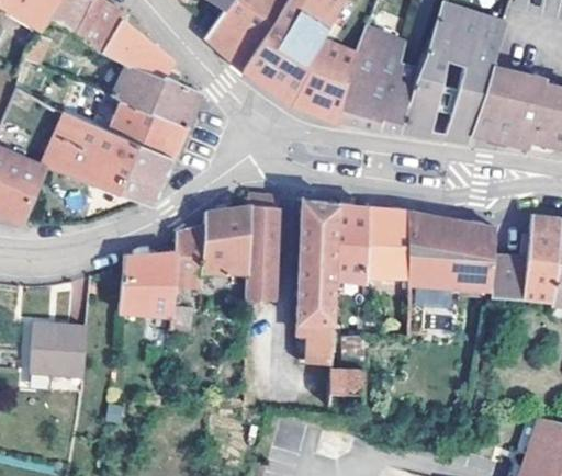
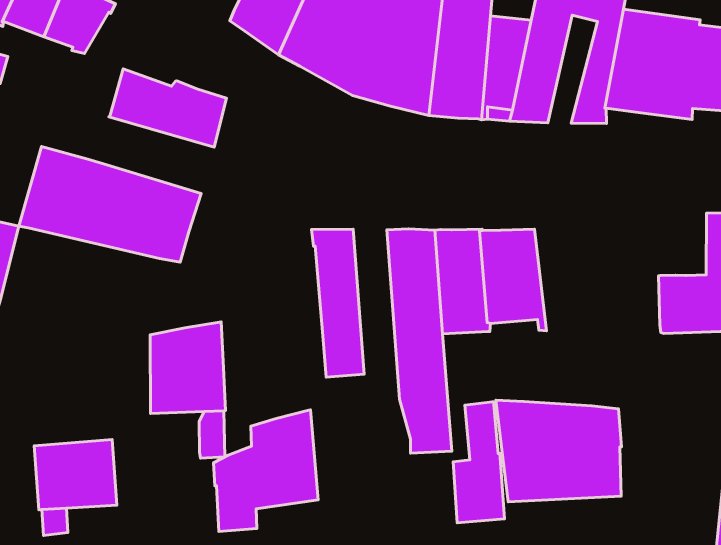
building: [102,22,176,80] -> none
building: [64,80,187,159] -> none
building: [175,206,250,286] -> [214,410,318,532]
building: [408,213,495,292] -> [496,400,621,502]

